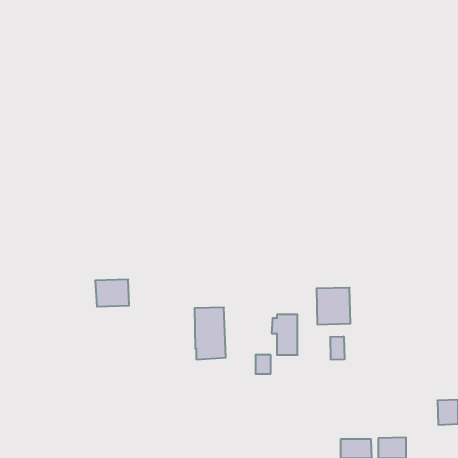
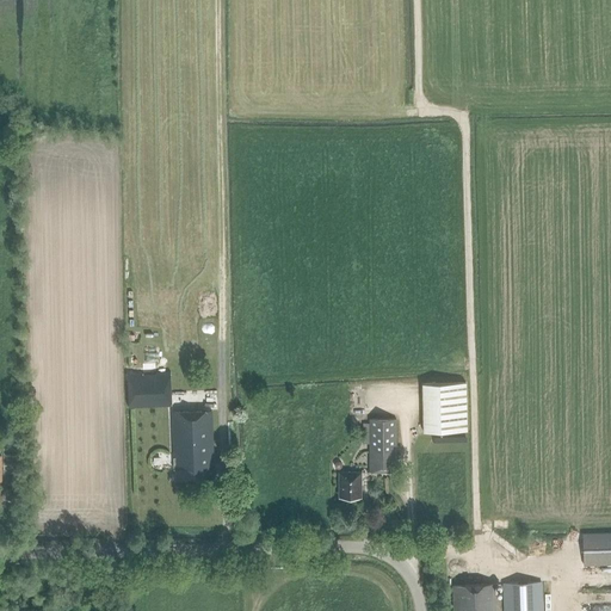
building: [194,307,226,359] -> [173,412,215,481]
building: [330,336,344,360] -> none

